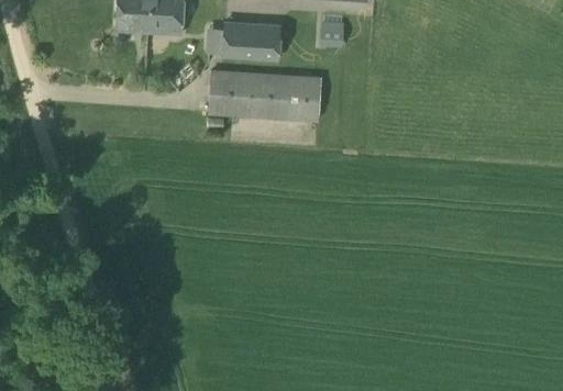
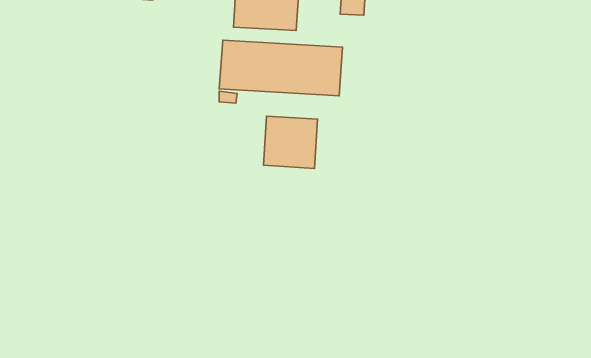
building: none -> [264,116,317,168]

